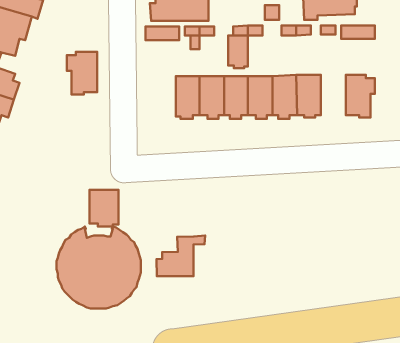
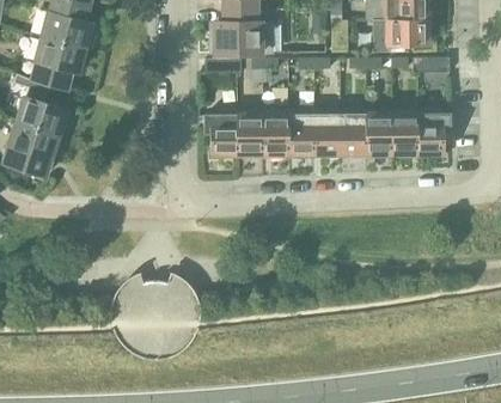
building: [228,36,248,68] -> none
building: [67,52,97,94] -> [204,111,237,157]
building: none -> [391,110,417,155]
building: [89,190,118,227] -> none
building: [157,235,205,276] -> none

